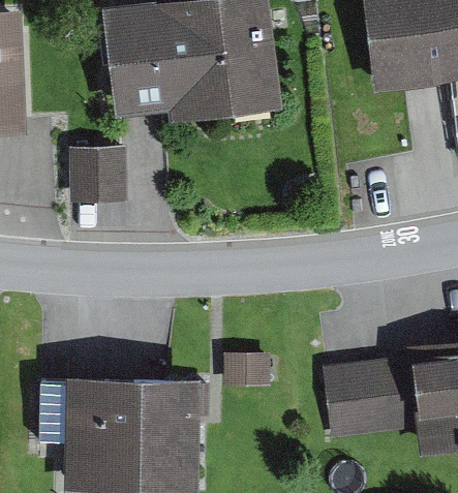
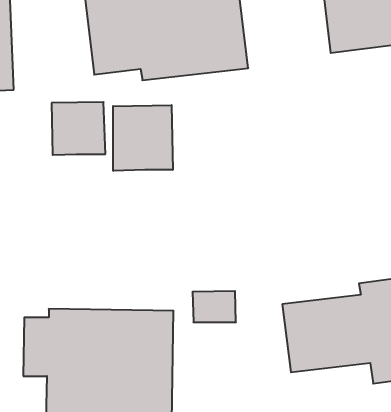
building: none -> [113,105,173,171]

